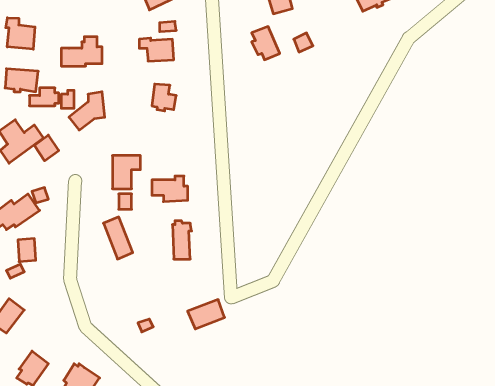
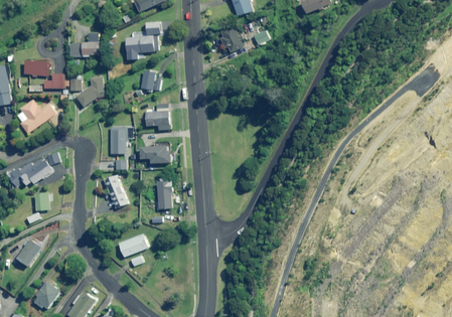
building: [6,18,35,49] -> none
building: none -> [145,103,168,130]
building: [188,300,225,329] -> [118,233,147,257]

